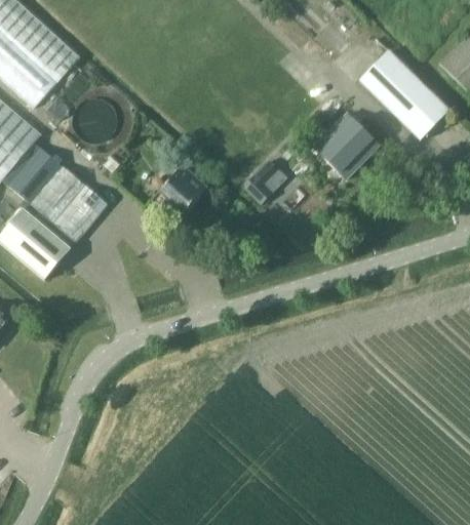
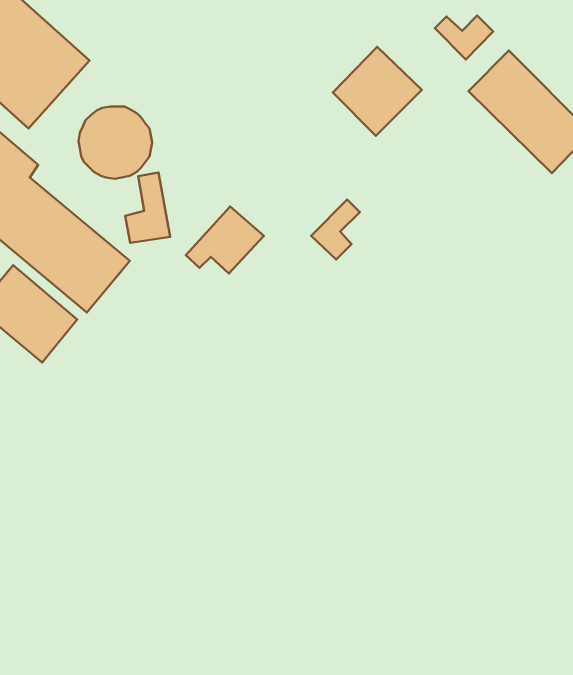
building: none -> [435,16,493,60]
building: [313,113,379,178] -> [333,47,422,136]
building: none -> [125,173,170,243]

